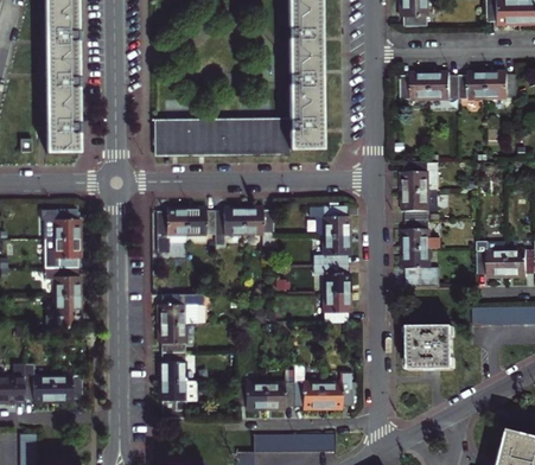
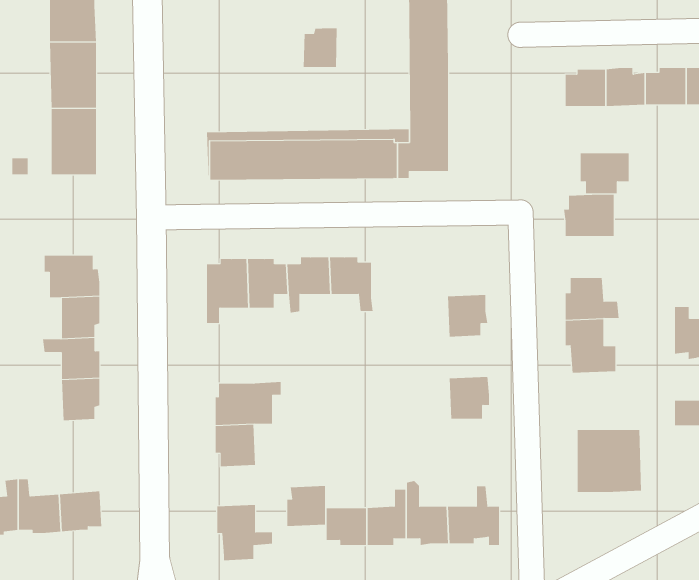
building: none -> [303,28,337,68]
building: [402,192,437,221] -> [580,153,629,194]
building: [311,205,348,234] -> none
building: [321,261,349,291] -> none
building: [160,351,187,380] -> [286,485,326,526]

